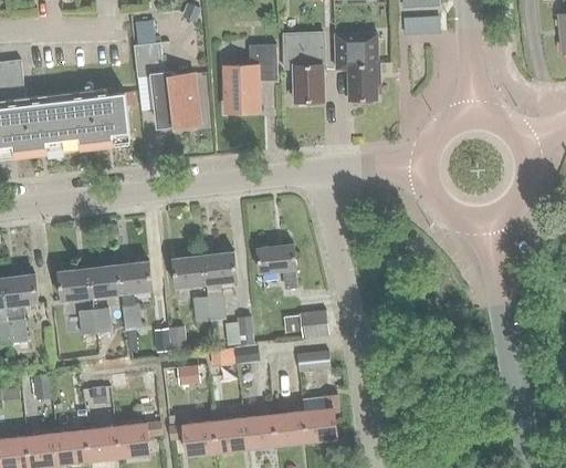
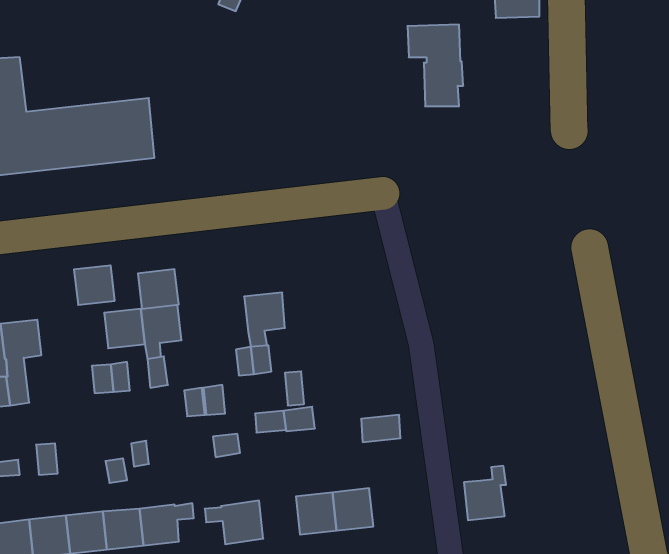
building: [133,21,198,127] -> none
building: [282,33,323,102] -> none
building: [222,43,276,112] -> none
building: [255,245,296,288] -> none
building: [171,254,205,287] -> [138,269,179,309]
building: [57,268,91,300] -> [74,265,115,305]
building: [297,310,328,339] -> none
building: [303,397,337,441] -> [464,466,506,520]
building: [213,417,247,451] -> none

